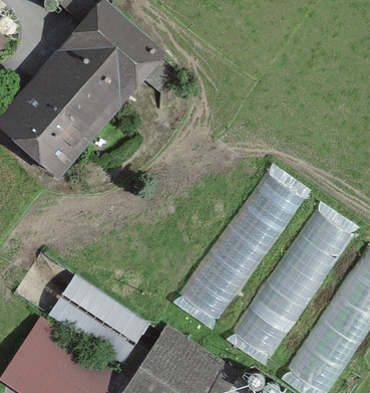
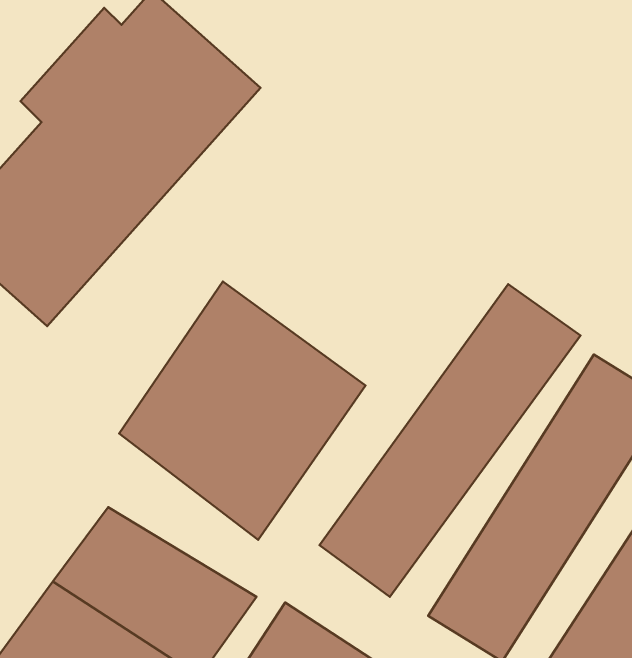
building: none -> [119,281,366,540]

